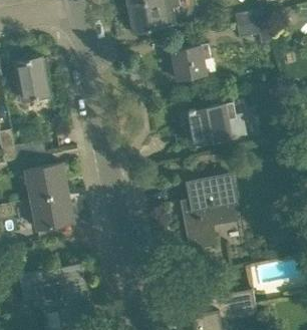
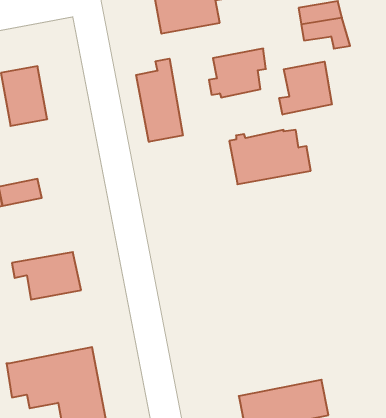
building: none -> [136,59,183,142]
building: none -> [279,62,332,115]
building: [19,162,67,202] -> none
building: [184,175,236,246] -> none

